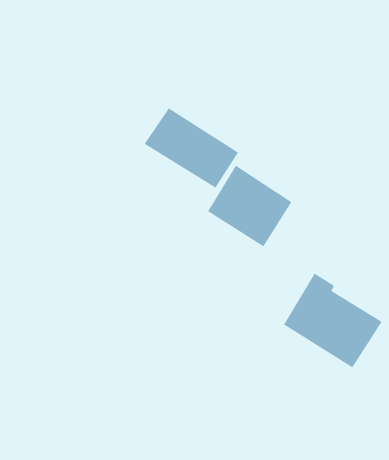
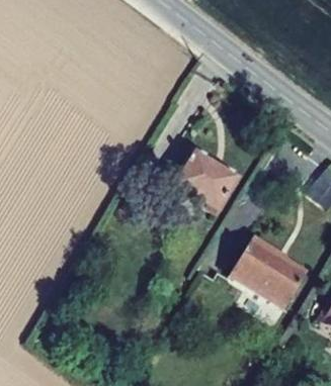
building: [144,107,239,189] -> none

